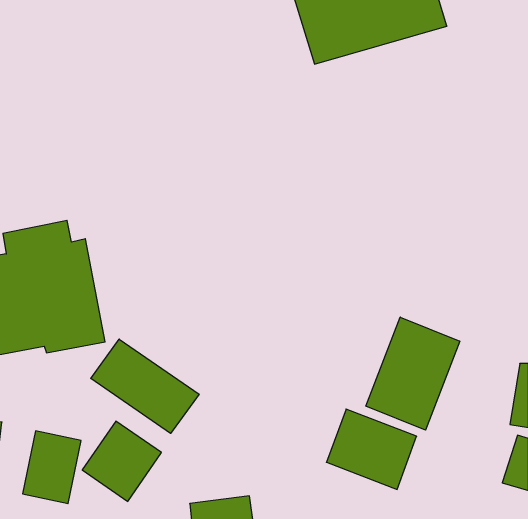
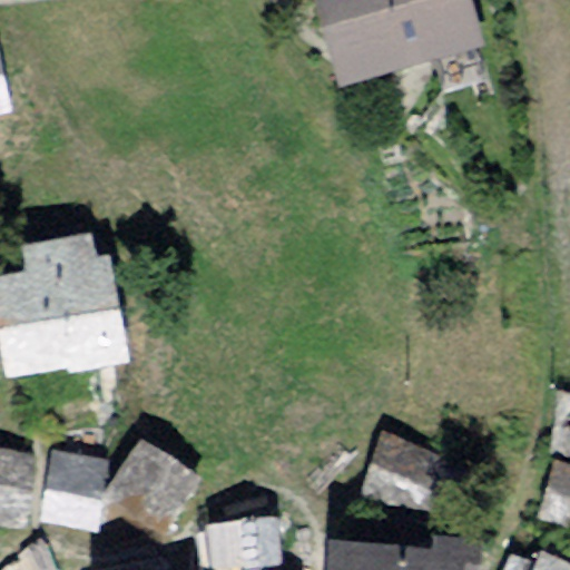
building: [366,317,460,430] -> none
building: [91,339,199,433] -> none

